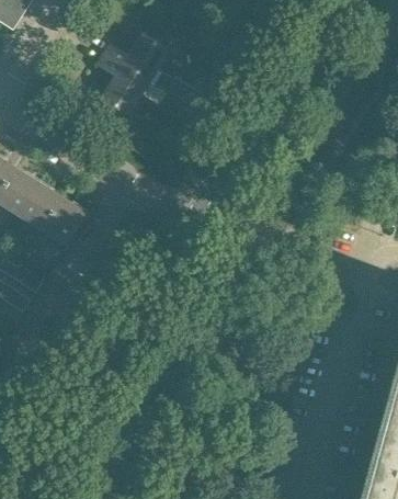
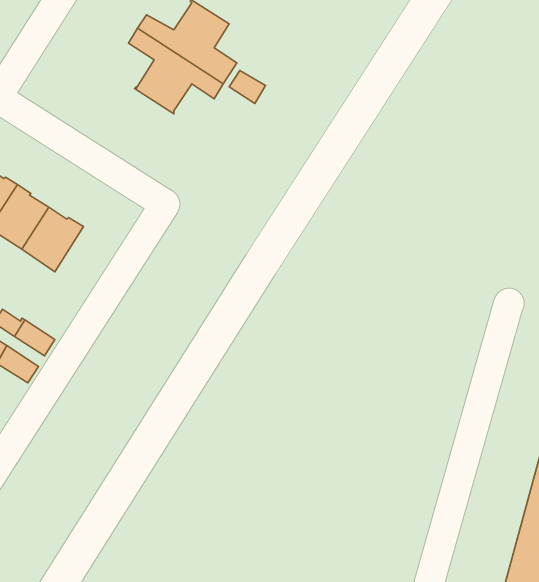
building: [42,197,84,245] -> none

